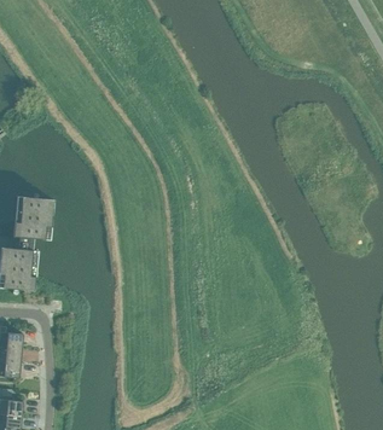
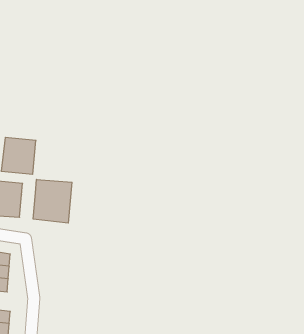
building: none -> [33,179,72,223]

